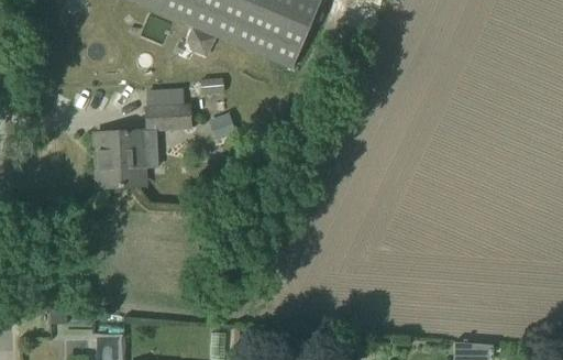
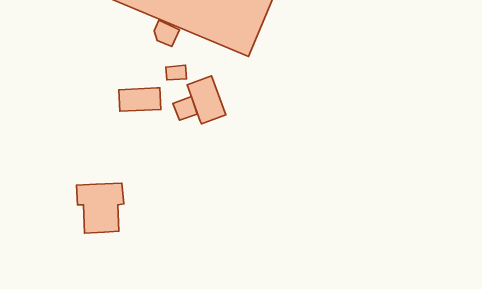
building: none -> [187,76,226,124]
building: [95,130,147,186] -> [77,183,124,233]

